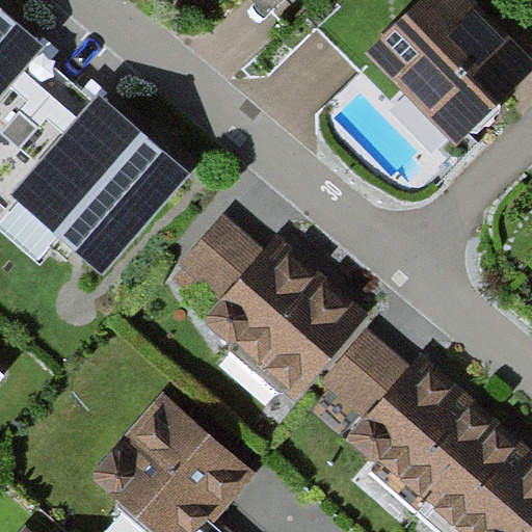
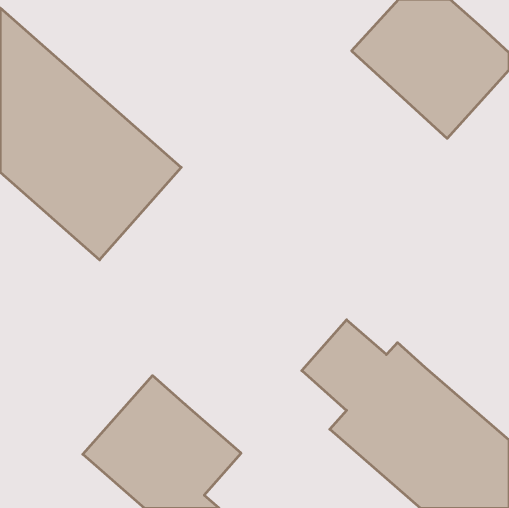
building: [178,221,363,404] -> none

